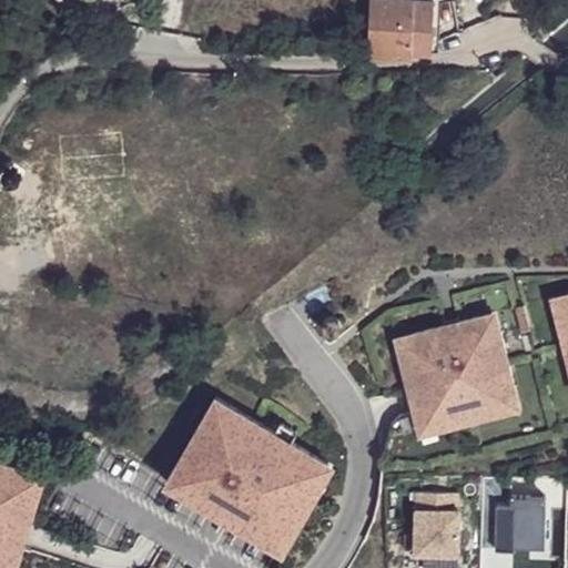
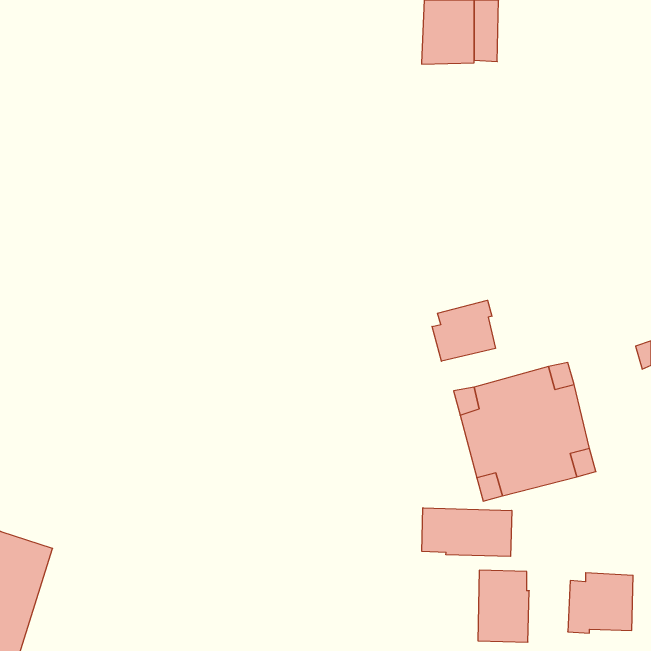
building: none -> [432,300,495,361]
building: [166,402,334,556] -> none
building: none -> [422,508,512,556]

